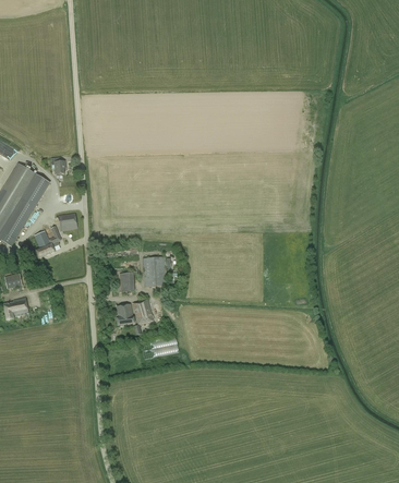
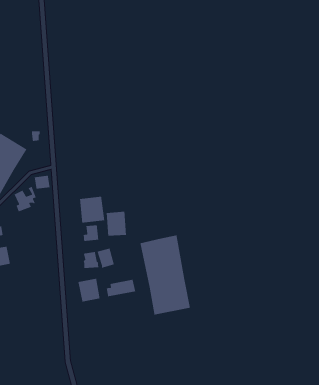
building: none -> [79,196,105,224]
building: none -> [139,235,191,316]
building: none -> [77,278,101,302]

